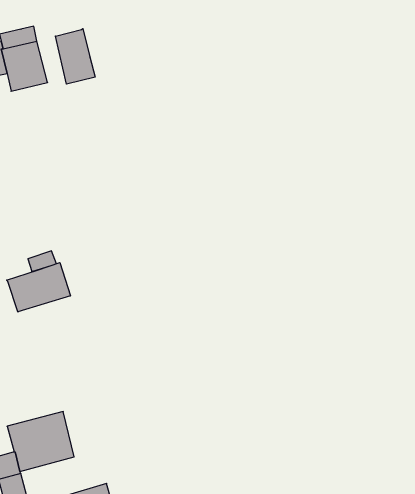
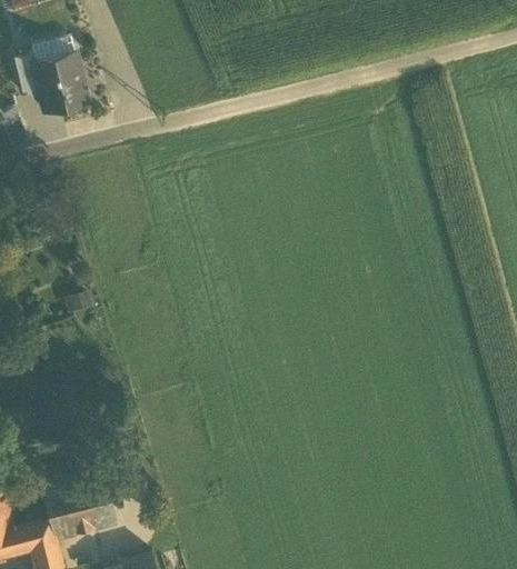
building: [55,29,95,84] -> none
building: [7,263,70,312] -> none

